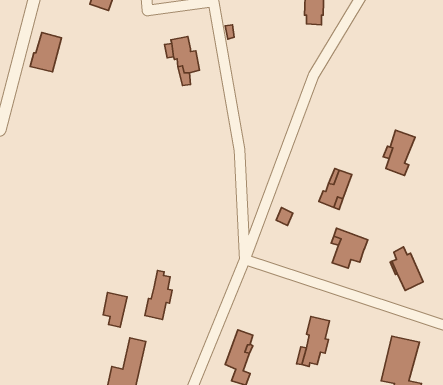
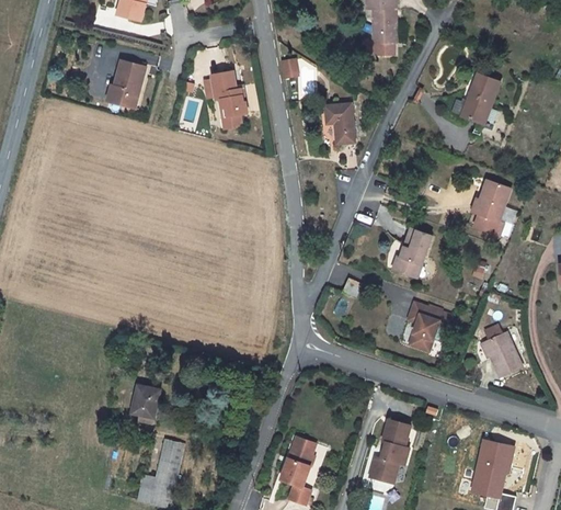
building: [30,32,62,72] -> [108,57,147,105]
building: none -> [466,76,504,126]
building: none -> [327,100,354,139]
building: [145,270,172,320] -> none

